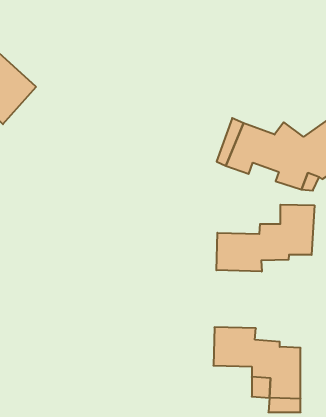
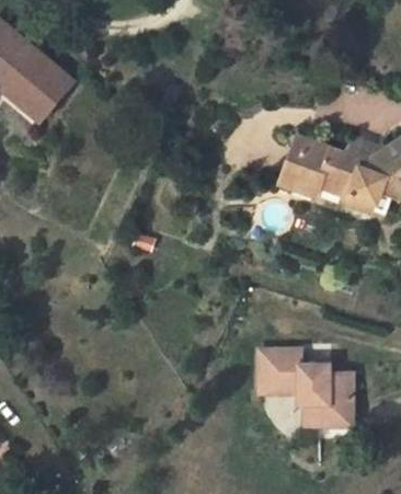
building: [216,205,314,272] -> none

